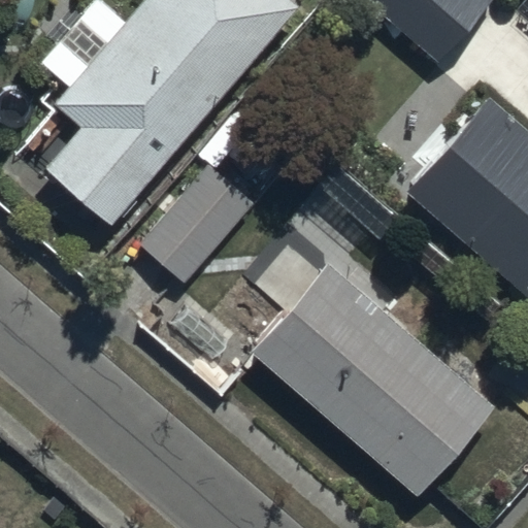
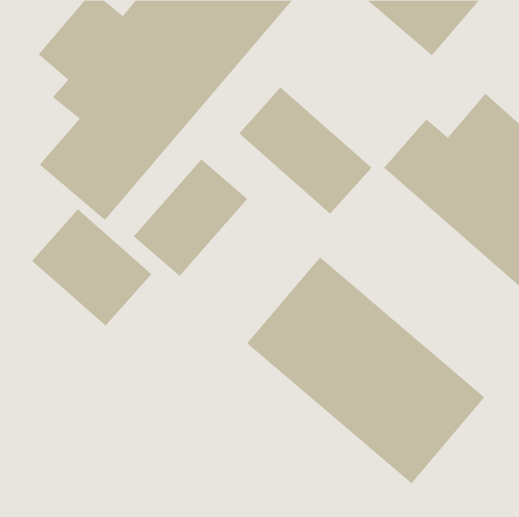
building: none -> [238,86,373,215]
building: none -> [31,209,152,327]

